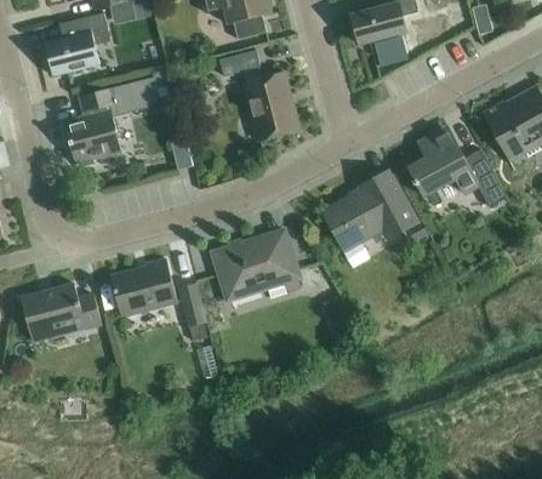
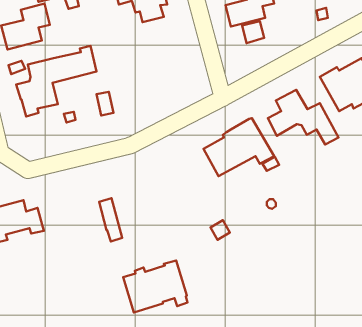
building: [219,50,297,141] -> none
building: [212,229,301,301] -> [123,260,188,312]
building: [110,258,177,315] -> none

